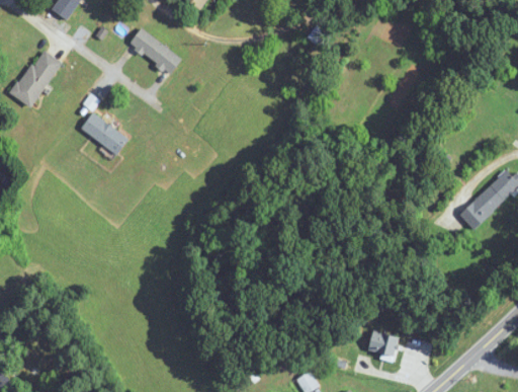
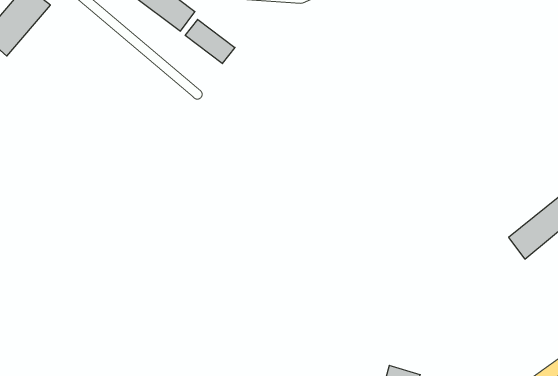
building: none -> [185,19,235,64]
building: [80,112,127,155] -> none

